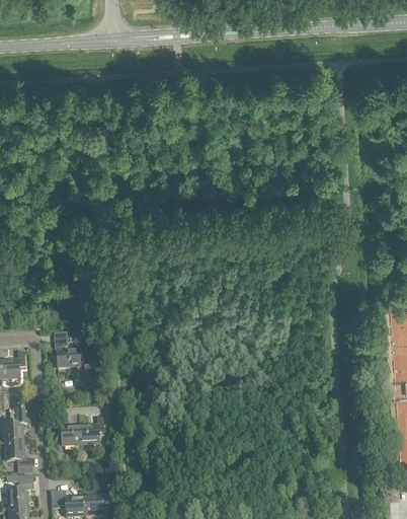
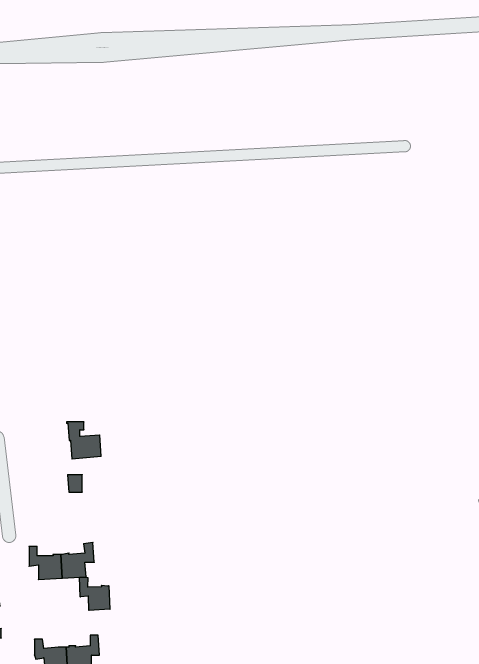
building: [53,340,79,368] -> [67,422,101,459]
building: none -> [79,577,110,610]

